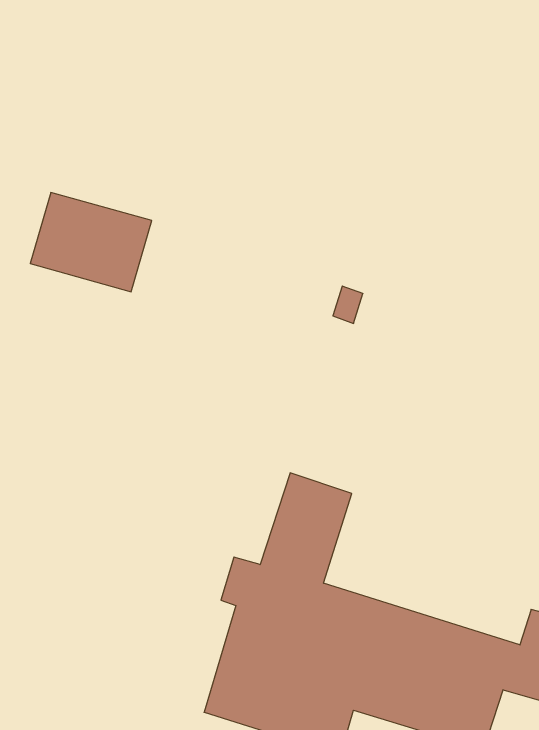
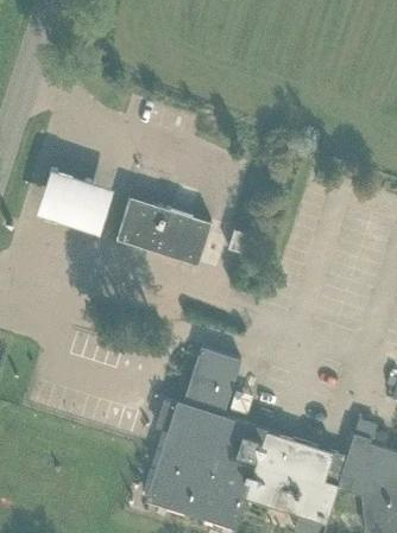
building: none -> [116,197,212,265]

